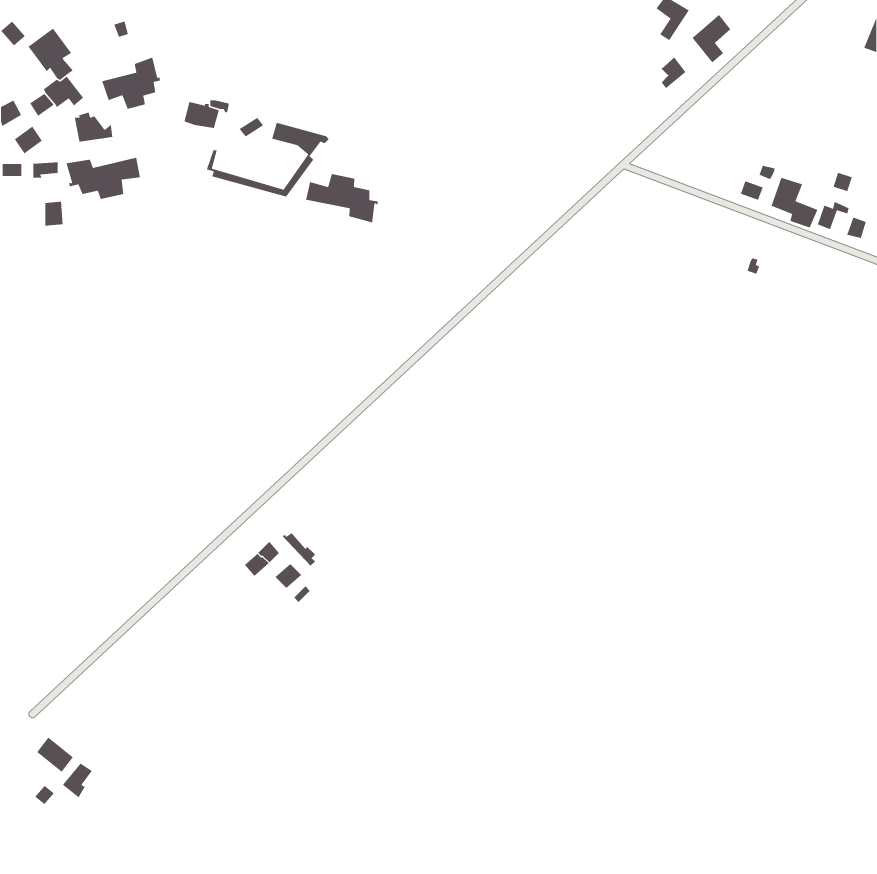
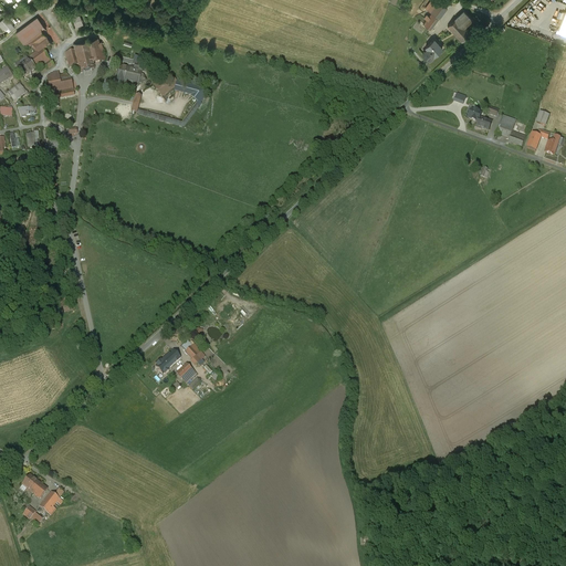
building: [65,157,141,200] -> none
building: [305,173,379,224] -> none

